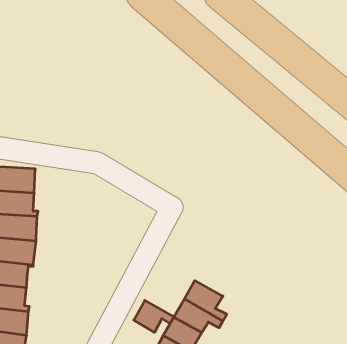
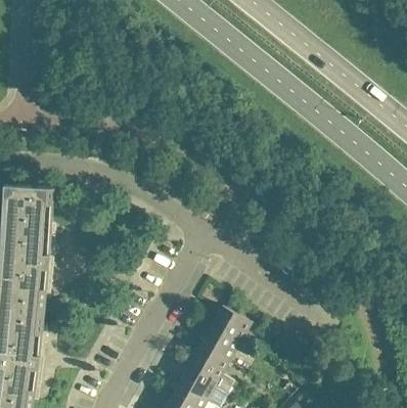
building: [134,300,174,332] -> none

